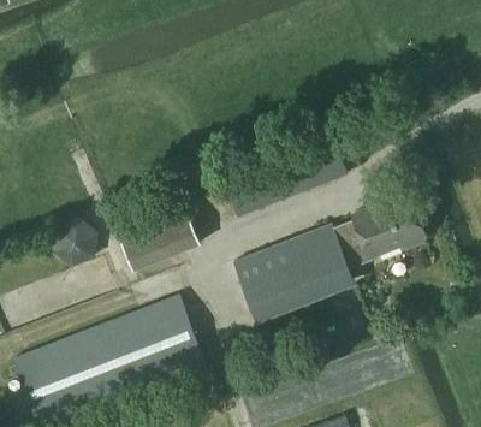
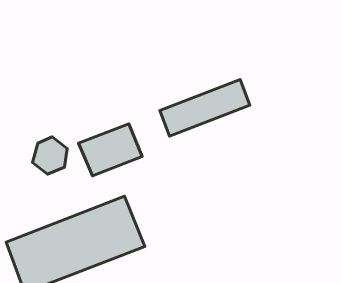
building: [231,196,421,319] -> none

